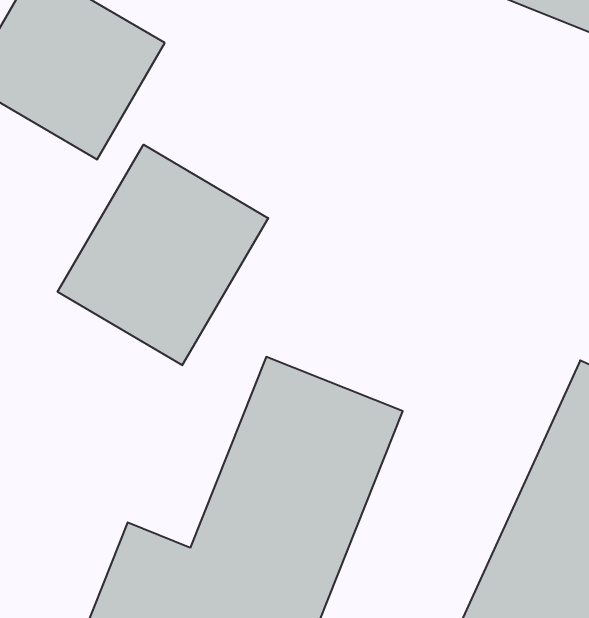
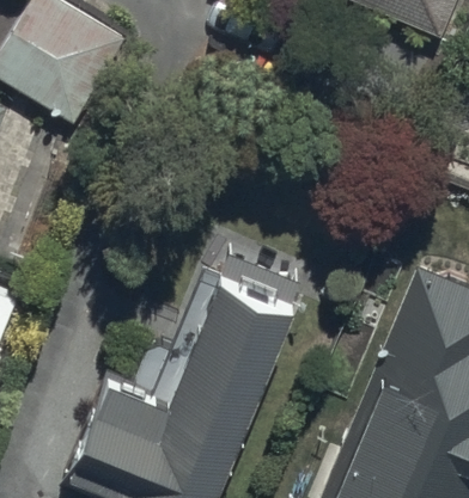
building: [58,145,268,365] -> none

